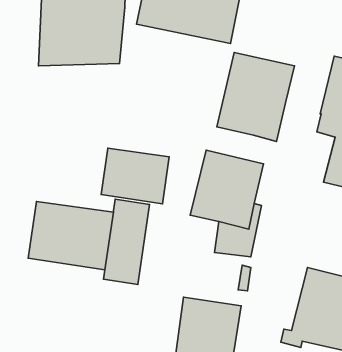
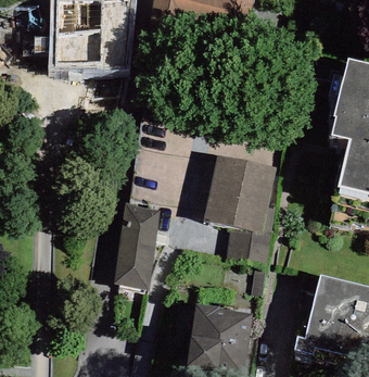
building: [217,53,294,142] -> none
building: [101,148,169,204] -> none
building: [28,202,113,270] -> none

